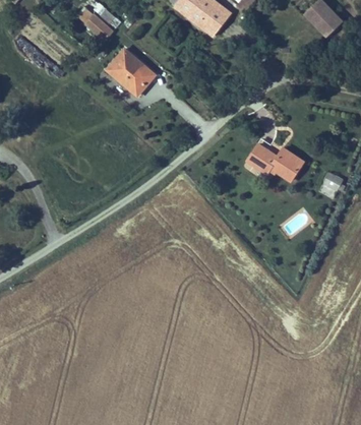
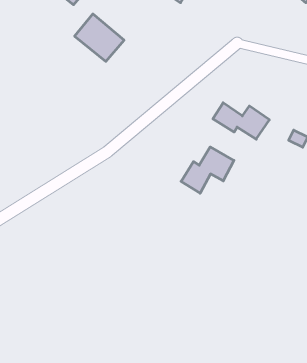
building: none -> [181,147,234,193]

